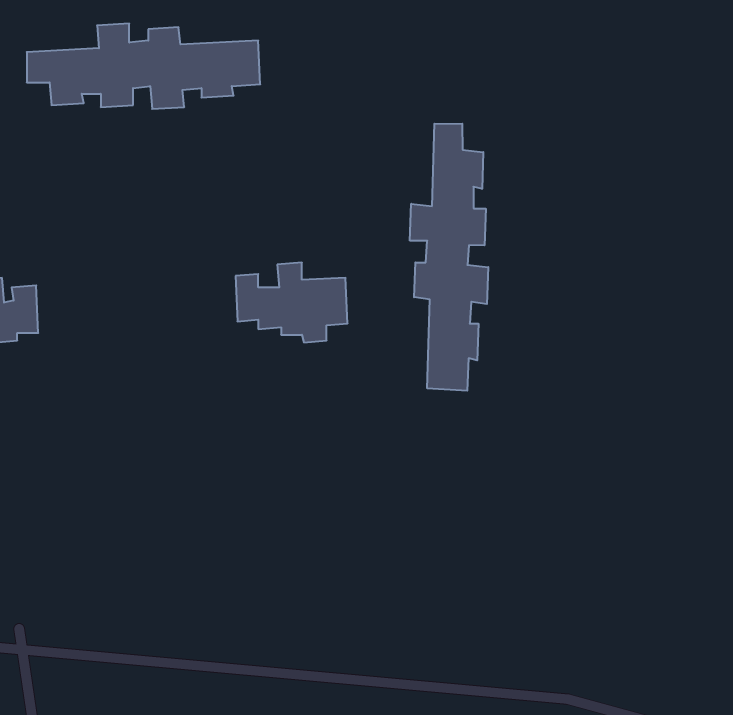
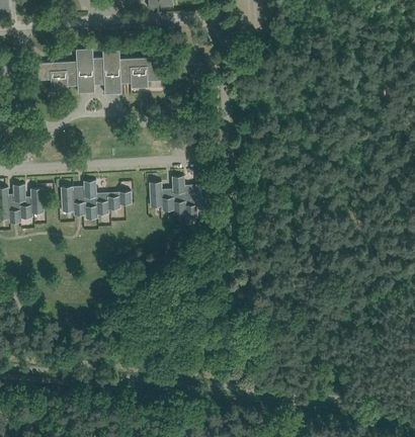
building: [410,124,488,391] -> none
building: none -> [60,180,132,219]

